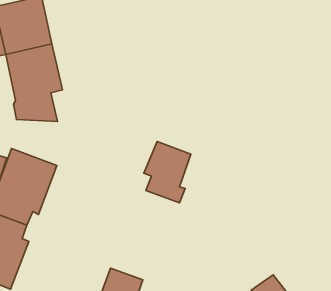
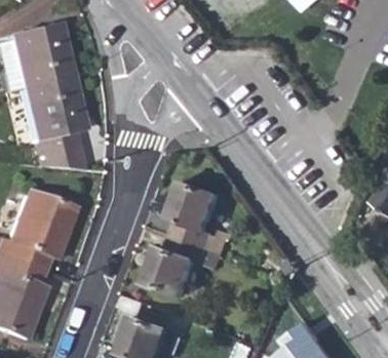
building: none -> [146,235,206,297]

